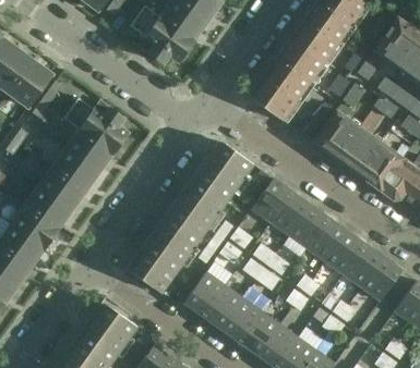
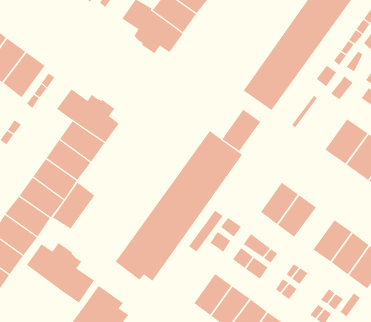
building: [313,110,359,159] -> none
building: [252,179,292,222] -> [221,109,261,152]
building: none -> [52,182,95,230]
building: [305,218,346,260] -> none
building: none -> [26,242,95,304]
building: [184,271,225,315] -> none

